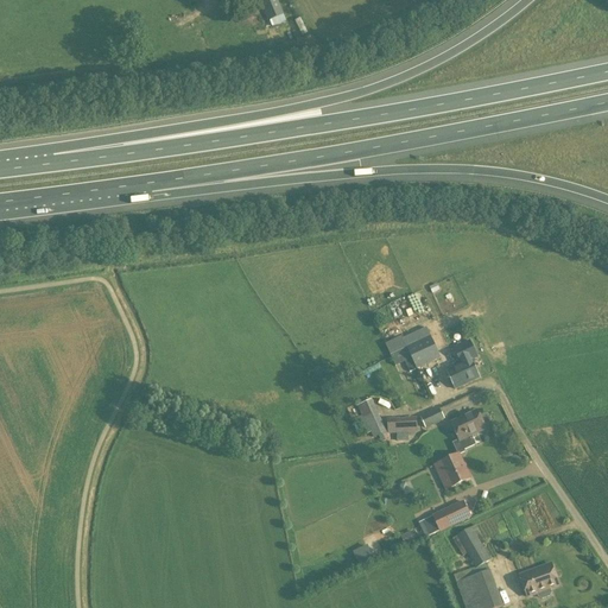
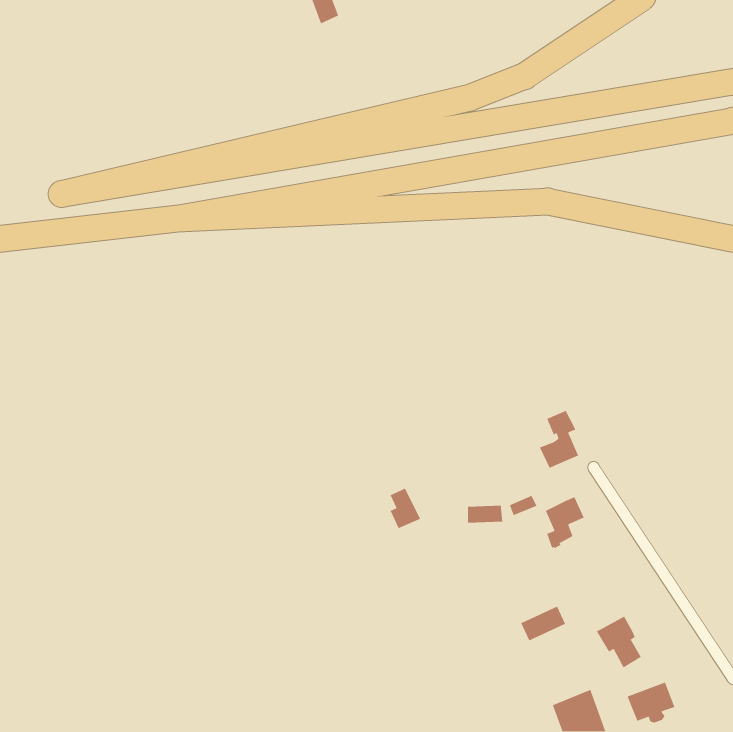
building: [401,327,439,368] -> none
building: [357,399,384,433] -> [390,488,421,529]
building: [439,452,468,486] -> none
building: [451,524,489,568] -> [596,615,642,669]

